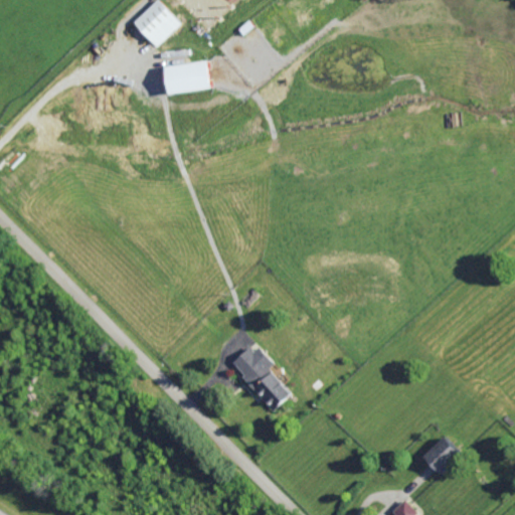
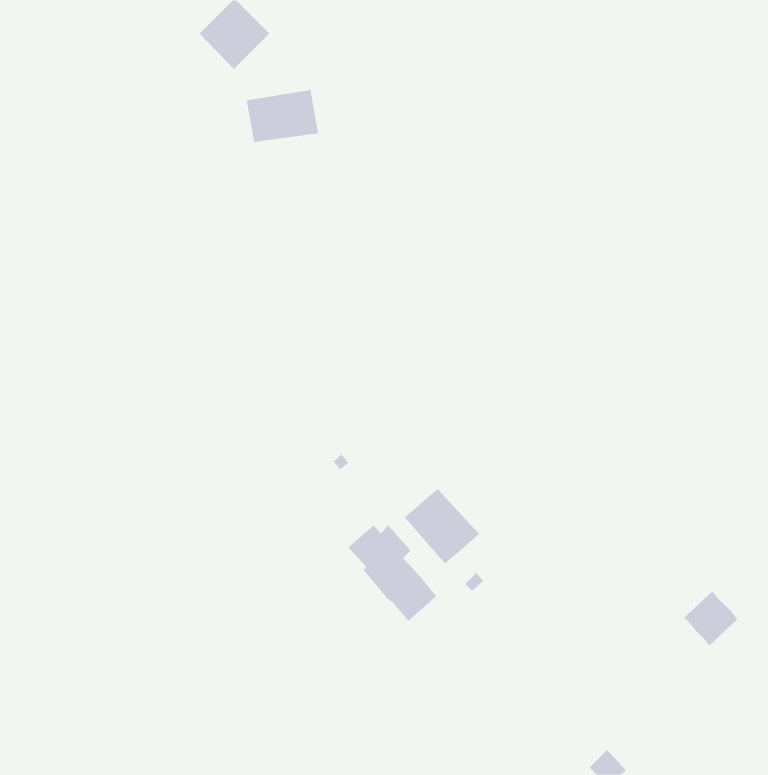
building: none -> [404,488,480,564]
building: [422,435,459,472] -> [684,590,738,646]

